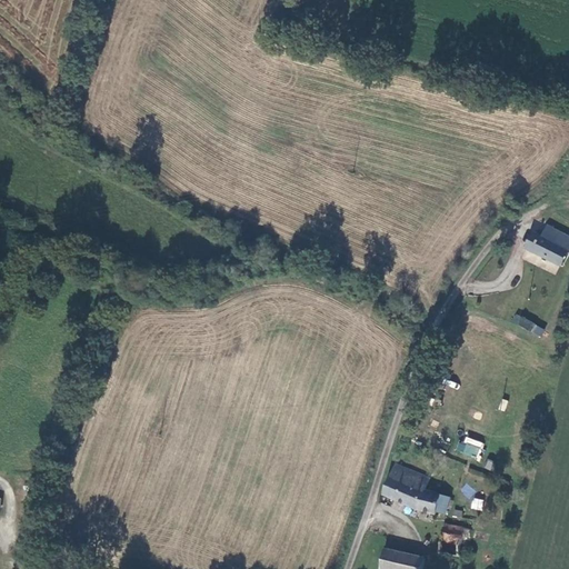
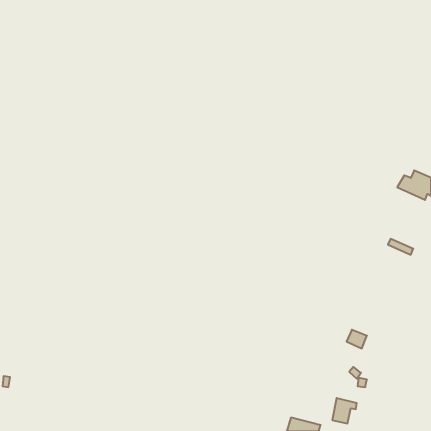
building: [382,465,449,515] -> none

